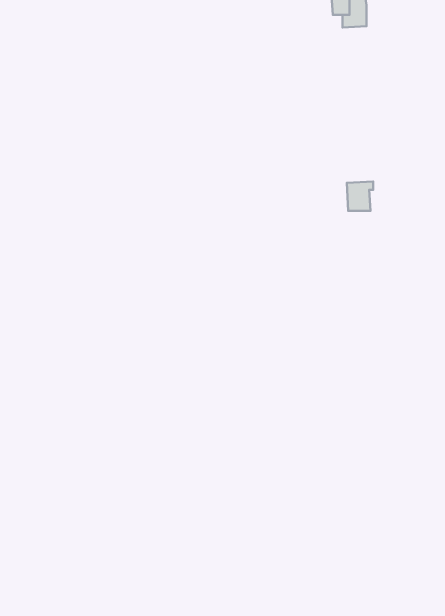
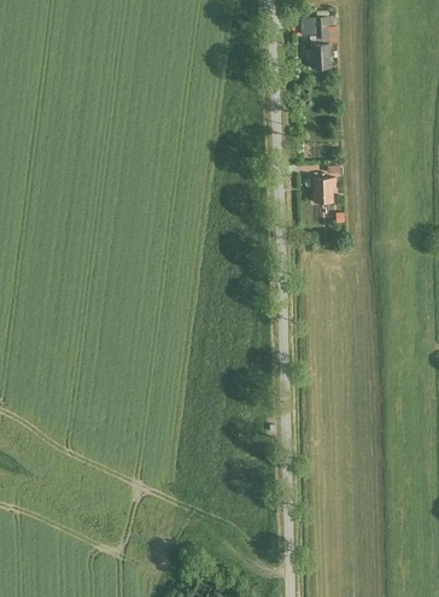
building: none -> [305,43,330,69]

